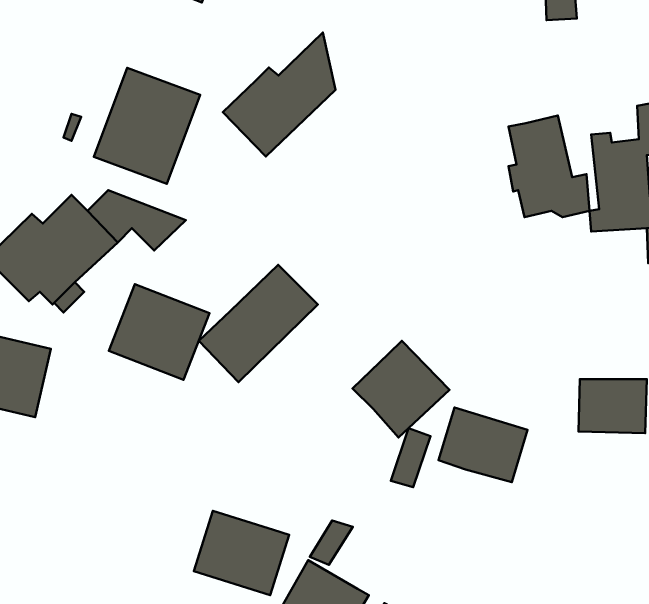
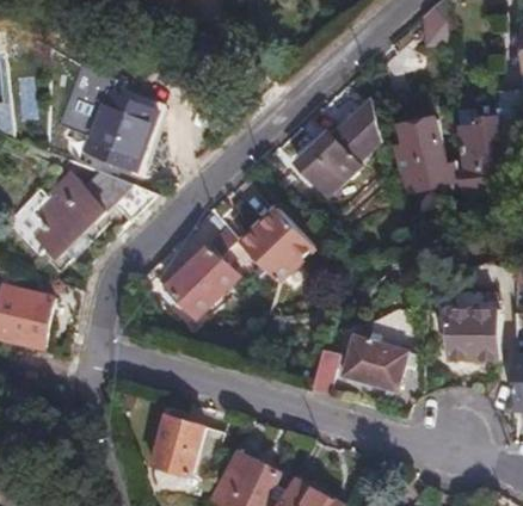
building: [223,33,336,157] -> [293,105,377,198]
building: [109,284,209,380] -> none
building: [352,341,449,438] -> [236,208,309,280]

